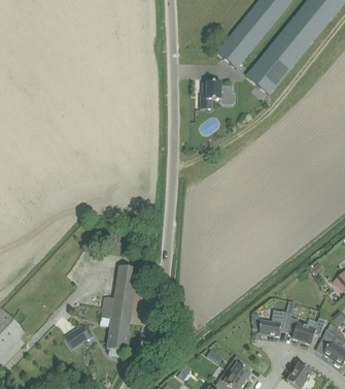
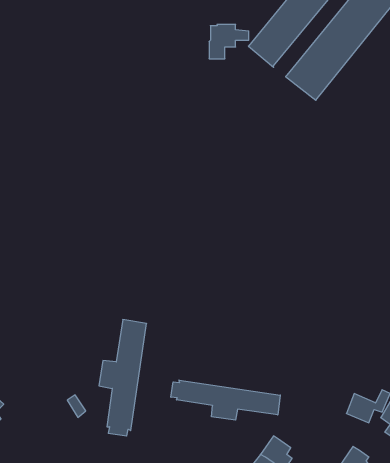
building: [201,80,232,107] -> [209,24,249,59]
building: [260,309,292,335] -> none
building: none -> [171,380,280,420]

